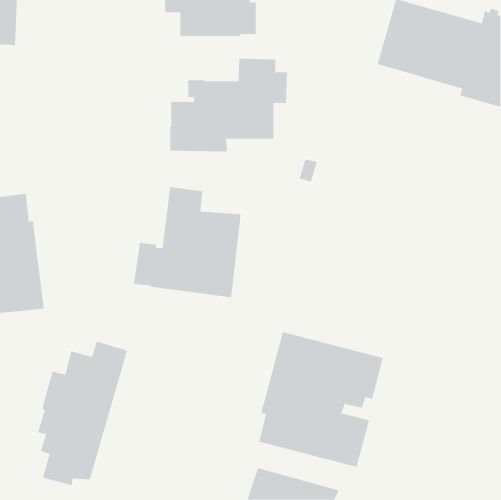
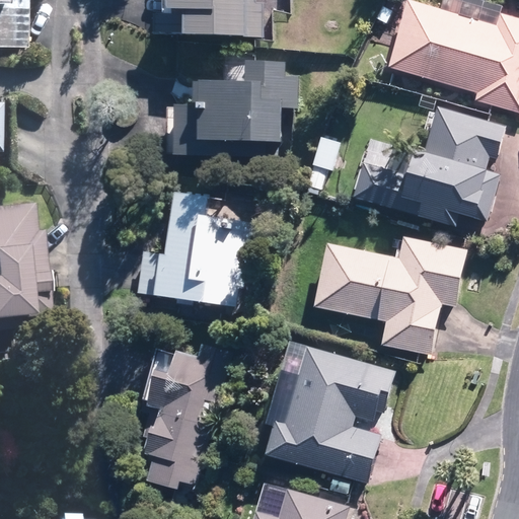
building: none -> [353,105,505,227]
building: none -> [313,234,466,353]
building: [37,341,128,486] -> [142,340,235,489]

